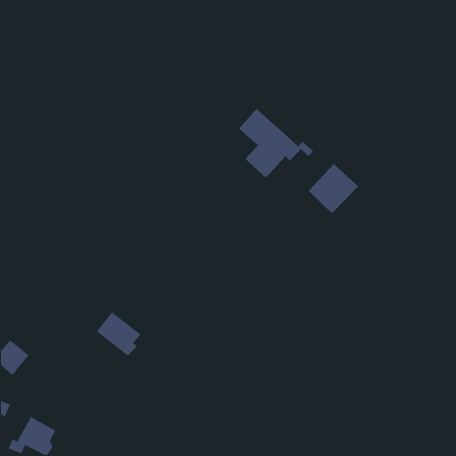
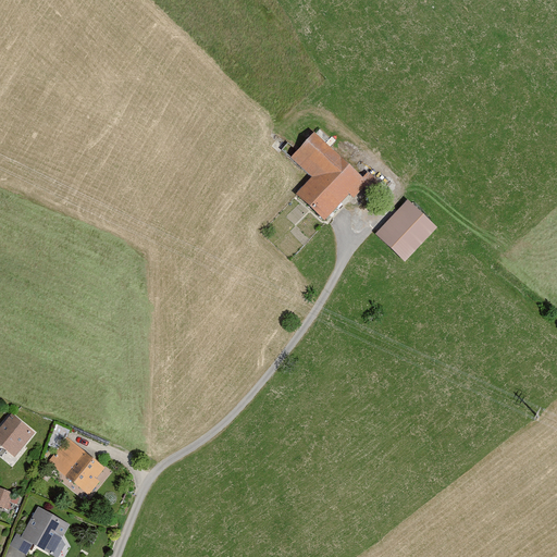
building: [96,311,141,357] -> [49,437,104,493]

